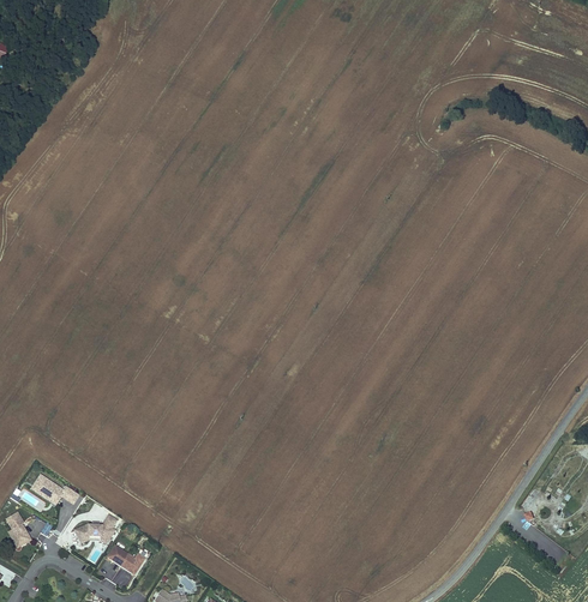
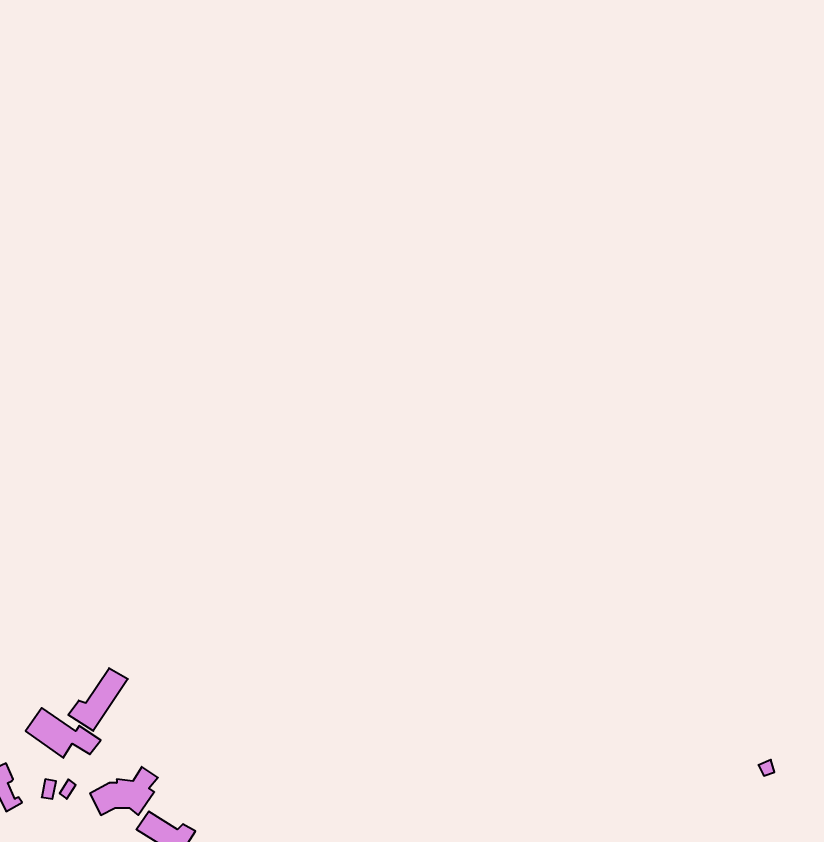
building: none -> [68,668,128,731]

